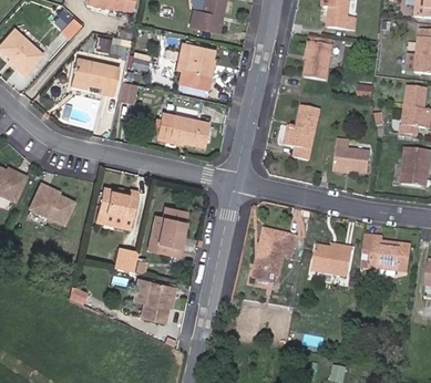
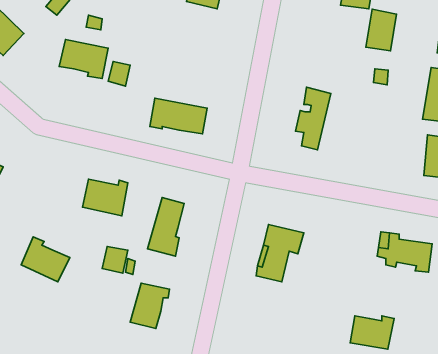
building: [305,41,332,79] -> [366,9,397,51]
building: [177,42,214,89] -> none
building: [333,138,369,170] -> none
building: [25,182,70,222] -> [21,237,70,282]
building: [312,245,352,275] -> [350,316,394,349]

